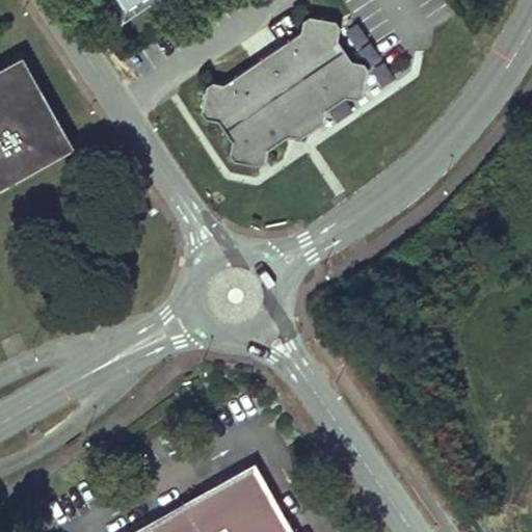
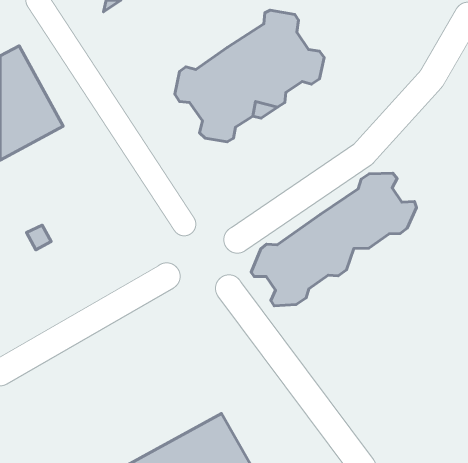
building: none -> [251,173,416,306]

